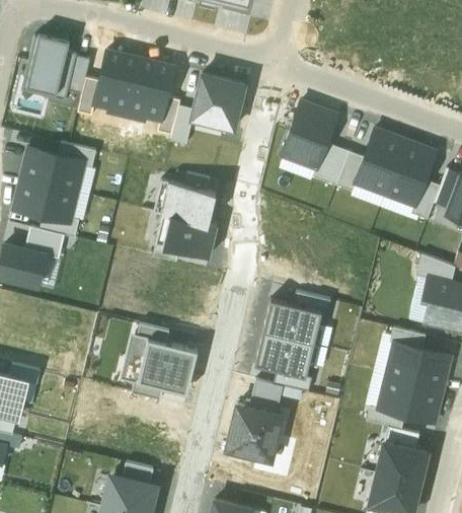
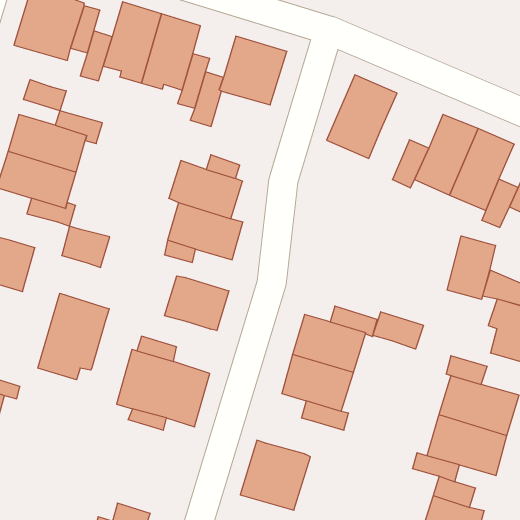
building: none -> [24,80,66,111]
building: [314,143,350,185] -> none
building: [26,227,65,260] -> [62,226,110,267]
building: none -> [447,236,495,299]
building: none -> [165,276,229,331]
building: none -> [38,293,109,380]
building: none -> [373,312,424,349]
building: [245,379,284,414] -> none

